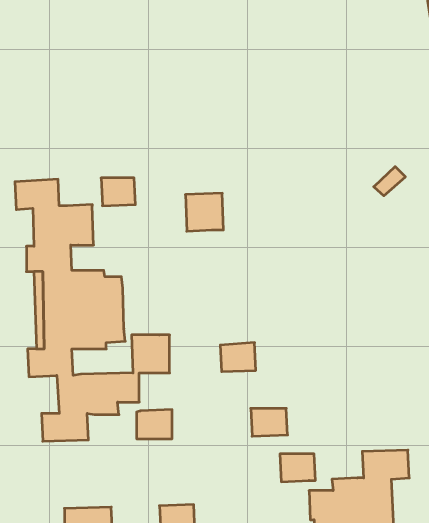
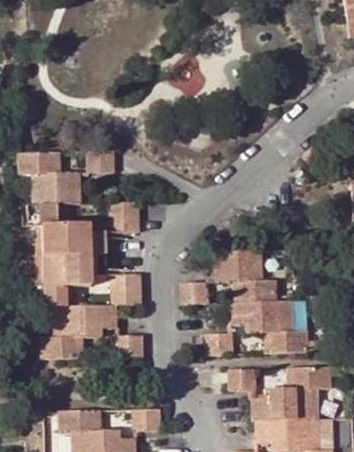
building: [185,193,223,231] -> [111,202,141,232]
building: none -> [214,249,309,353]

